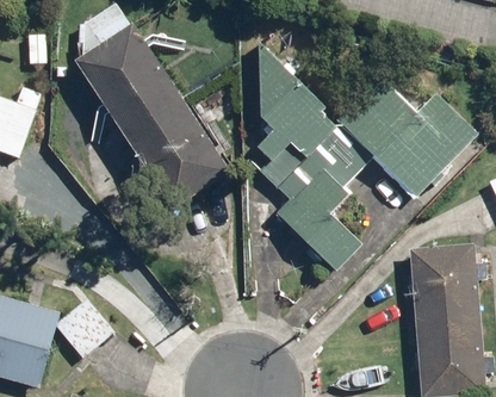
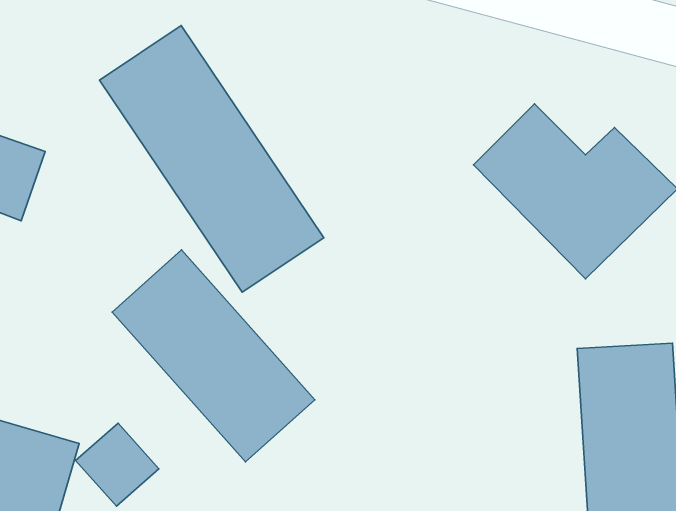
building: [256,39,362,271] -> none
building: none -> [112,250,315,462]

